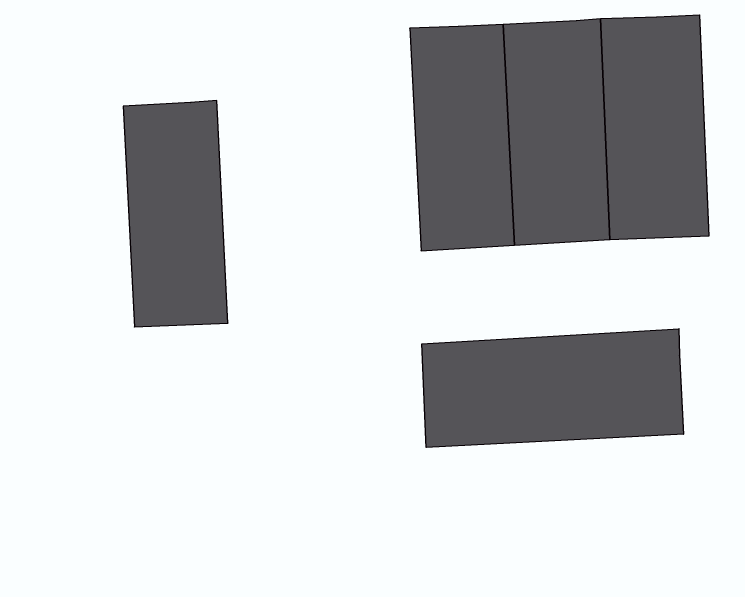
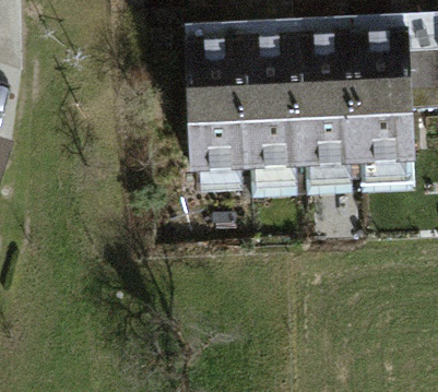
building: [123,101,228,327] -> [186,36,247,168]
building: [422,329,683,447] -> none

